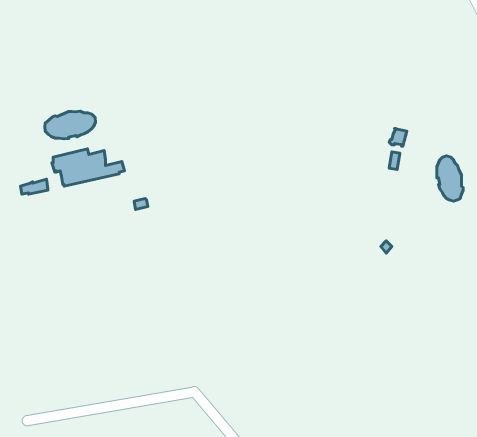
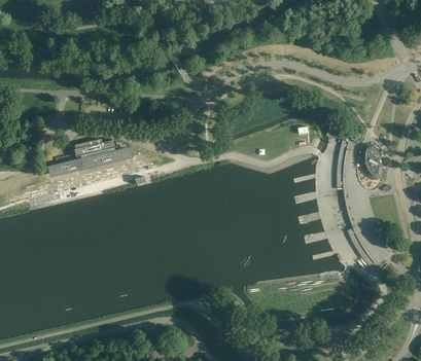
building: [45,111,95,139] -> none

